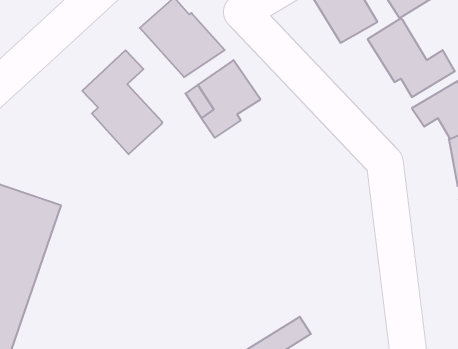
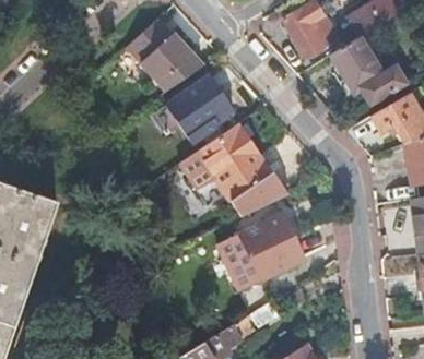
building: [82,50,162,154] -> none
building: none -> [180,123,288,215]
building: none -> [207,214,306,297]

